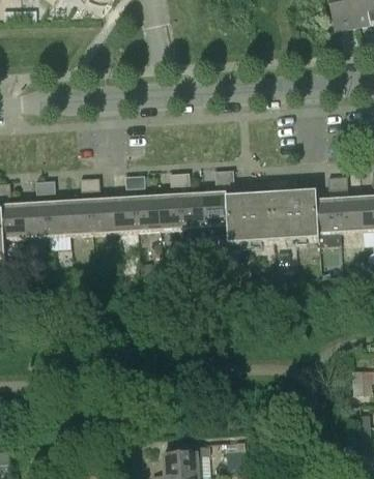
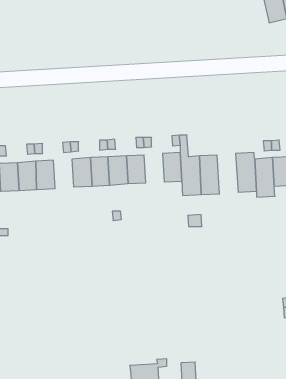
building: [180,191,205,228] -> none
building: [270,191,296,241] -> none
building: [68,199,93,235] -> none

